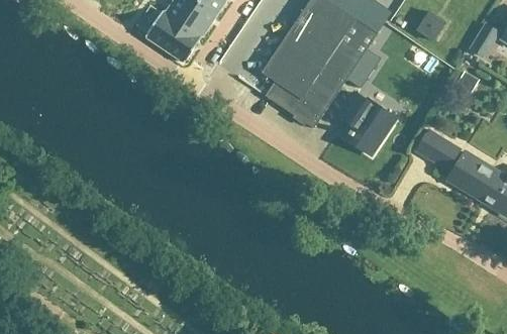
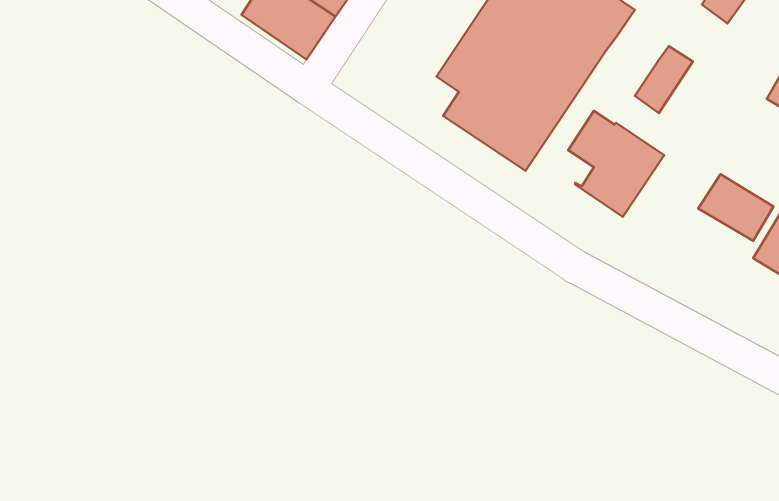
building: [346,49,381,89] -> [635,46,693,113]

